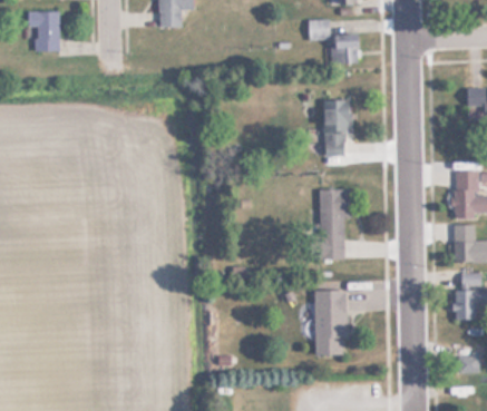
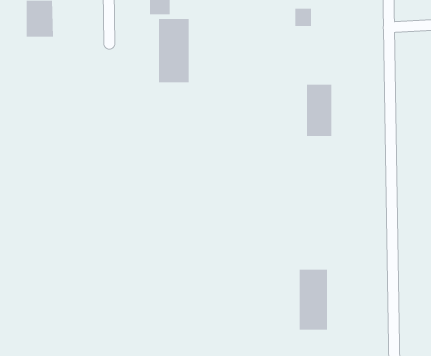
building: none -> [159,18,189,83]
building: [331,39,358,62] -> none
building: [309,189,349,261] -> none

